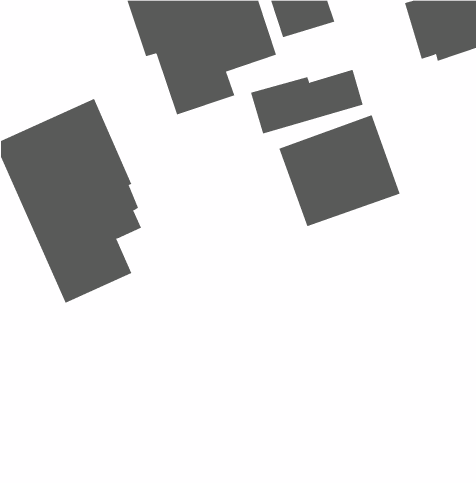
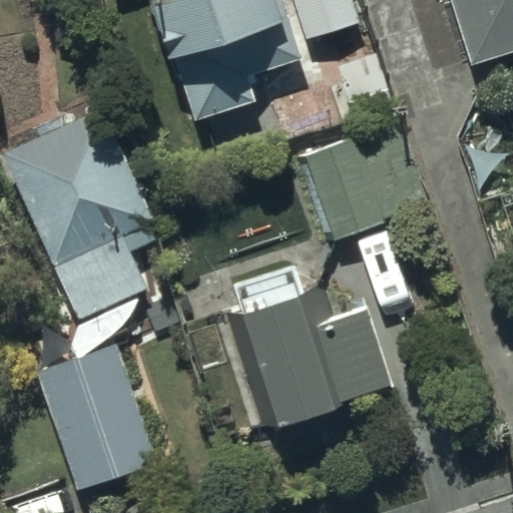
building: none -> [233,282,399,428]
building: none -> [36,343,163,490]

